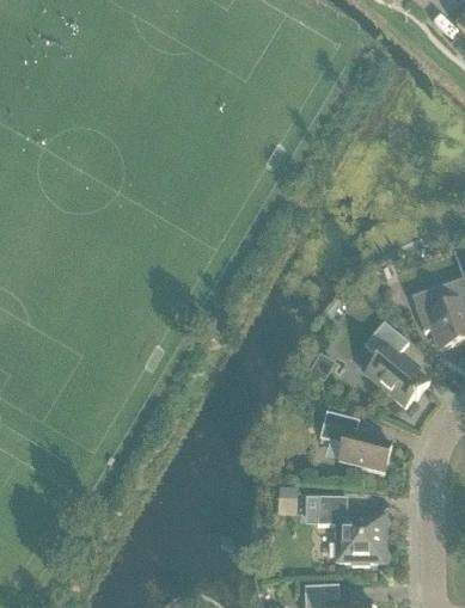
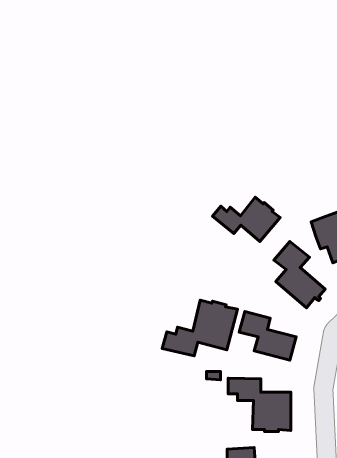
building: none -> [212,197,280,242]
building: none -> [162,300,238,356]

